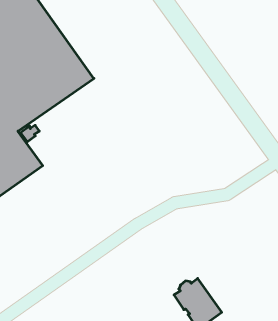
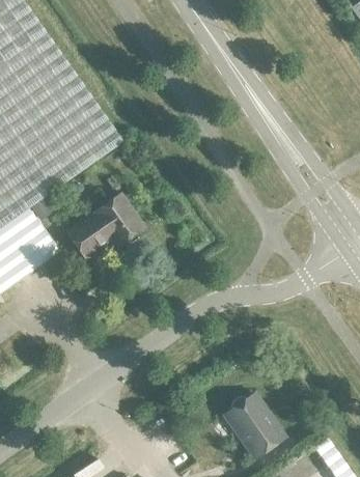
building: none -> [66,195,142,259]

